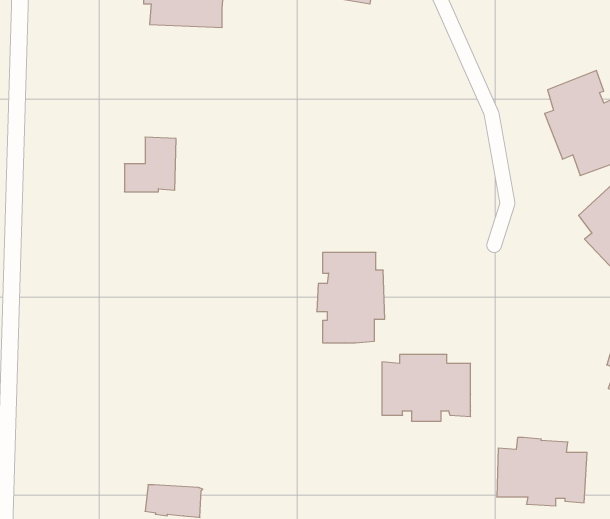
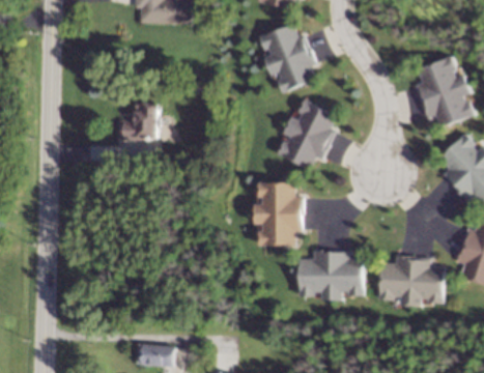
building: none -> [258,25,314,92]
building: none -> [279,99,337,167]
building: [497,438,587,506] -> [379,257,443,305]

